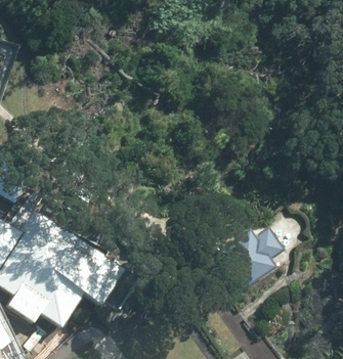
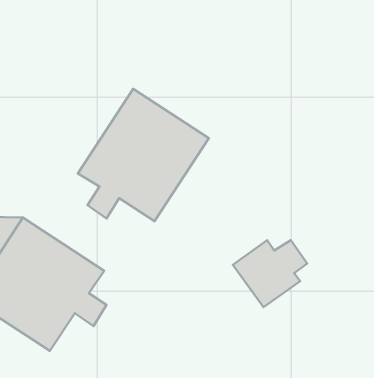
building: none -> [78,89,209,221]

